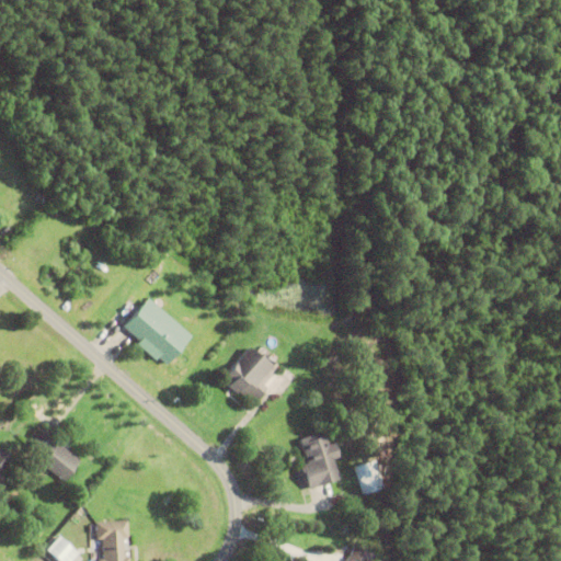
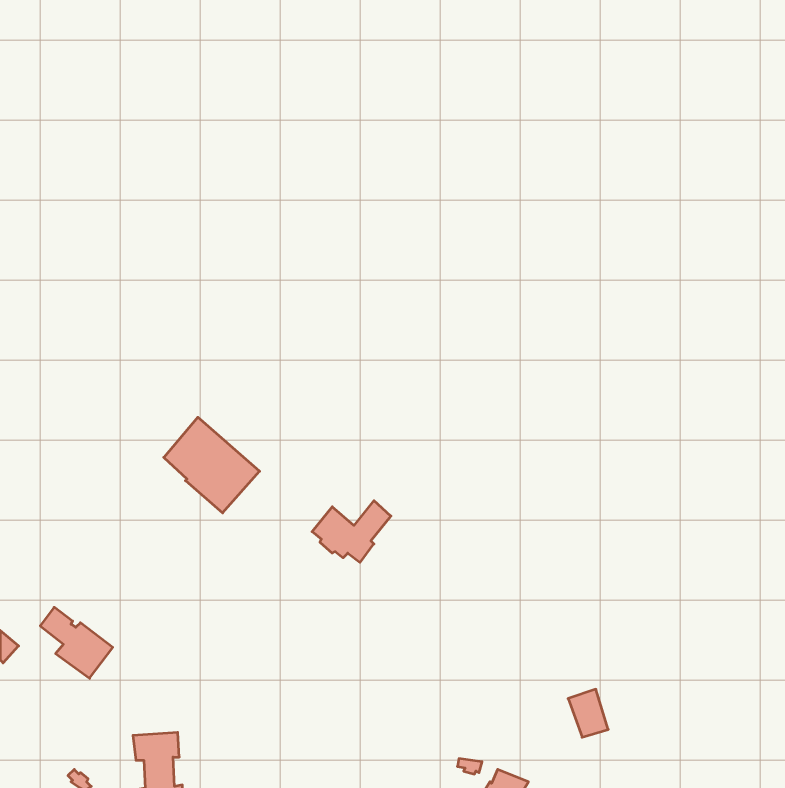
building: [301,431,342,490] -> none
building: [357,460,386,494] -> [568,689,608,737]

